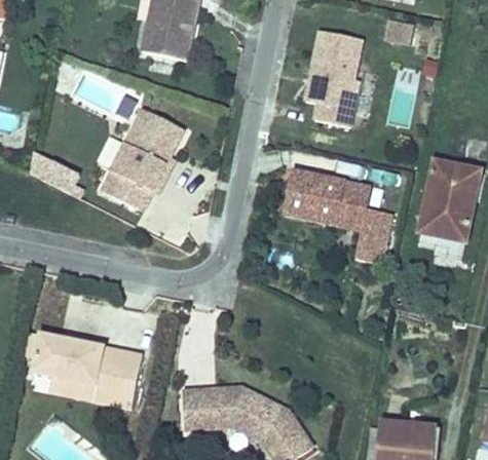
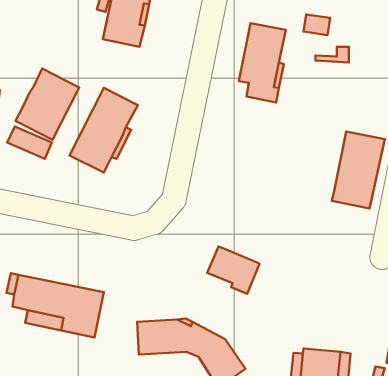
building: none -> [16,69,79,140]
building: [284,169,391,263] -> none
building: none -> [207,247,260,294]

